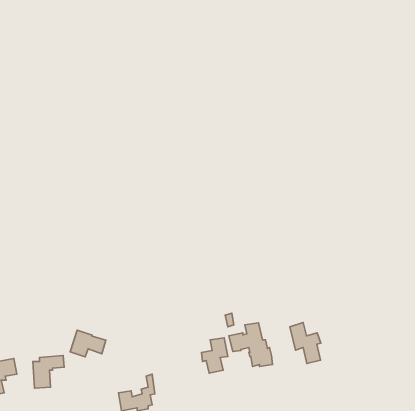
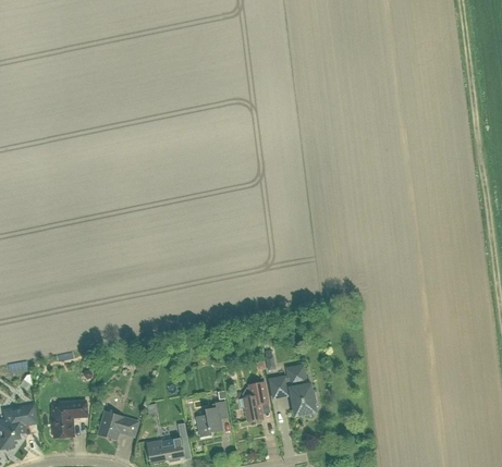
building: [290,322,321,363] -> none
building: [70,330,106,357] -> [98,410,137,440]
building: none -> [196,402,226,437]

